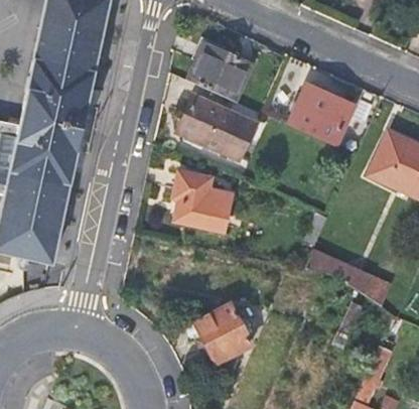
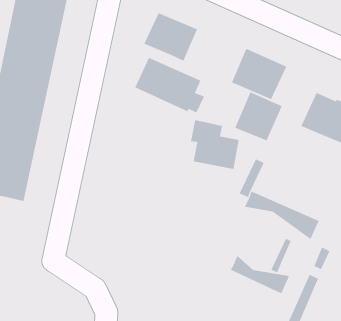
building: none -> [235,92,282,141]
building: [173,170,230,228] -> [190,120,239,169]
building: [192,300,252,363] -> none
building: none -> [230,255,290,294]

